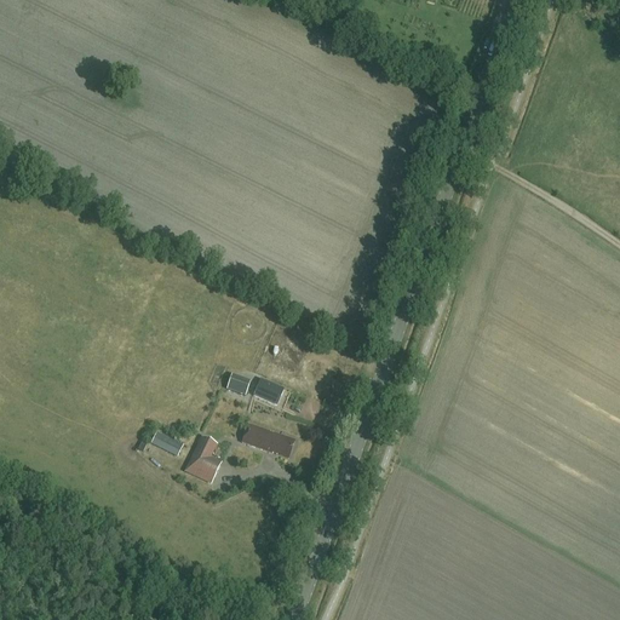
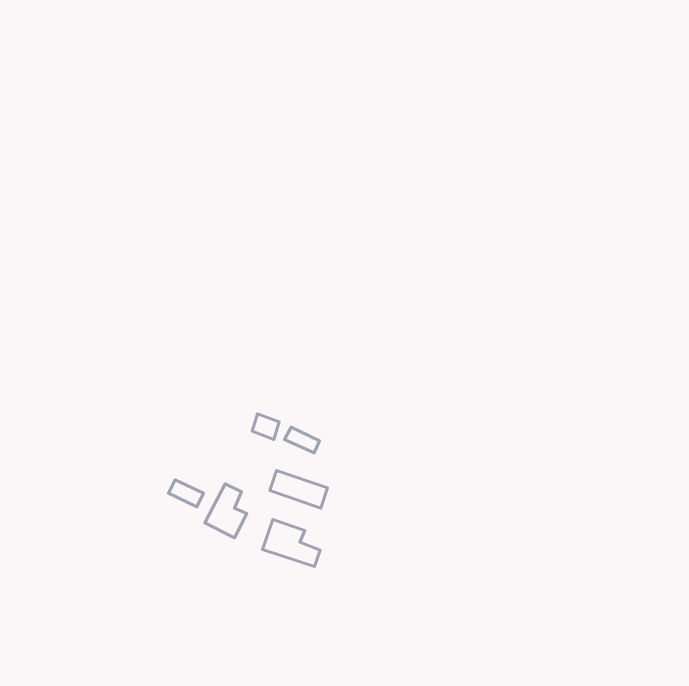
building: none -> [262,519,320,567]

